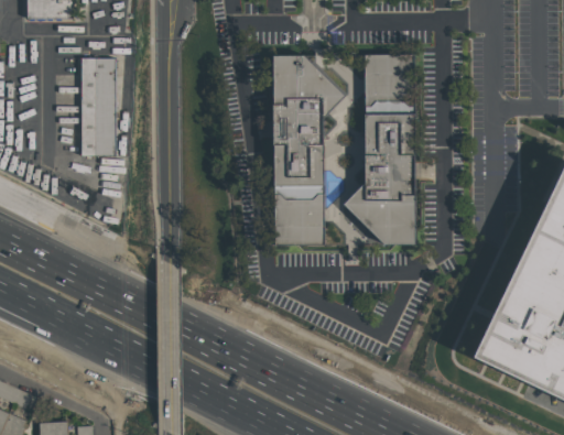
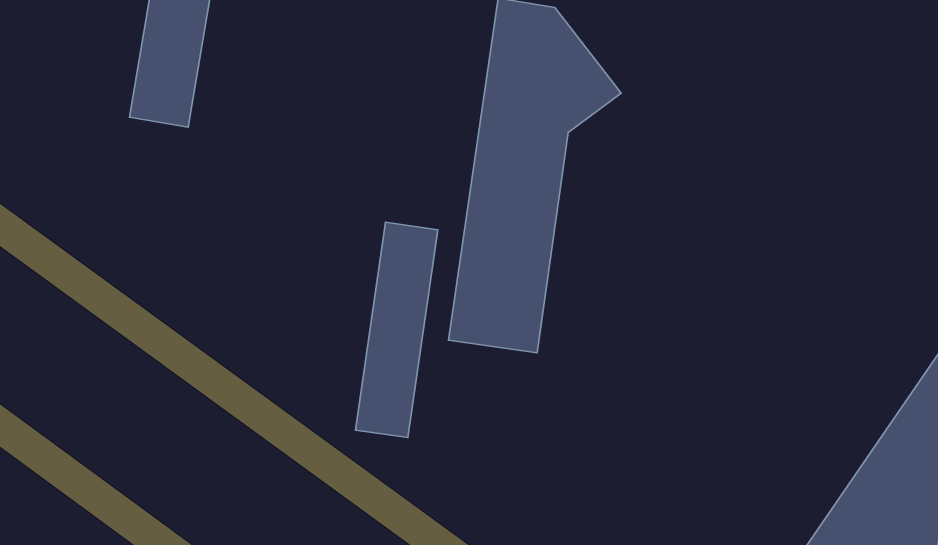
building: [341,56,417,248] -> none
building: none -> [355,222,438,438]

